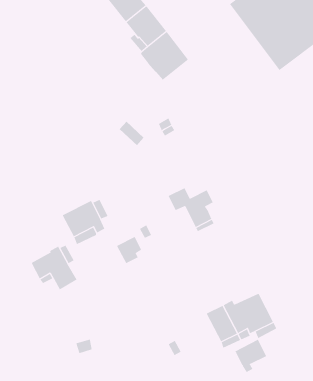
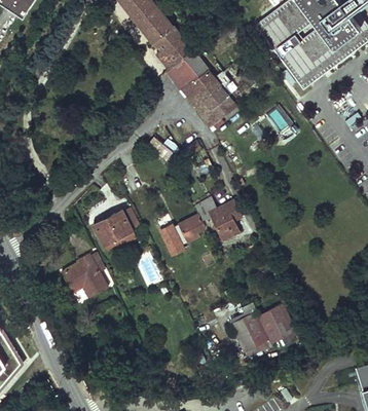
building: none -> [188,69,237,128]
building: [116,236,142,264] -> [176,220,200,247]
building: [235,339,267,373] -> none

